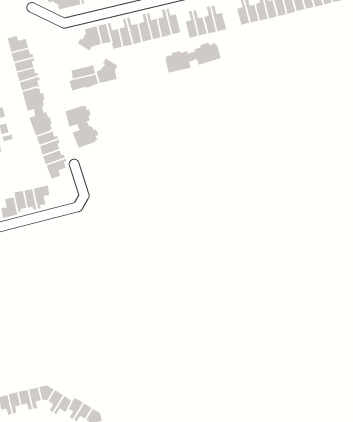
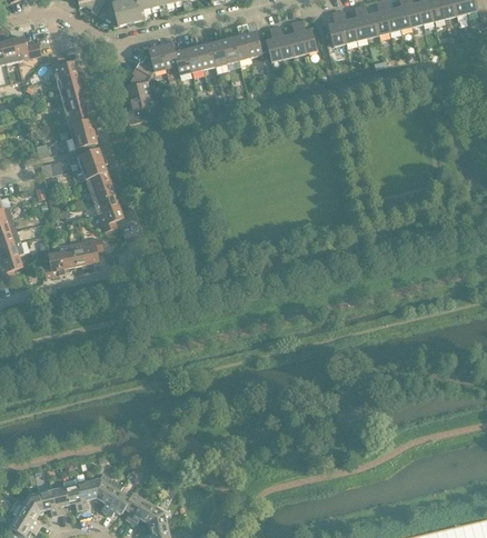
building: [165,41,222,74] -> none
building: [95,57,118,84] -> [122,67,150,99]
building: [64,105,100,149] -> none

